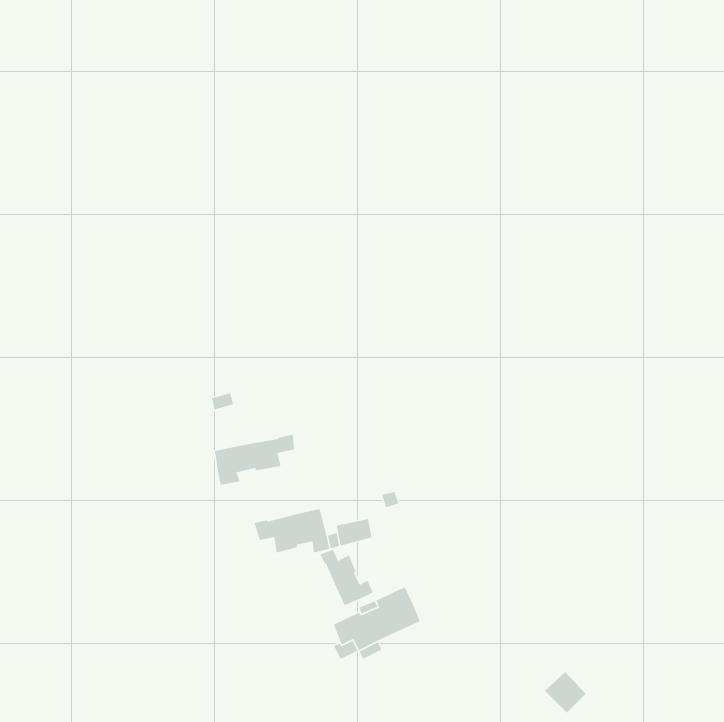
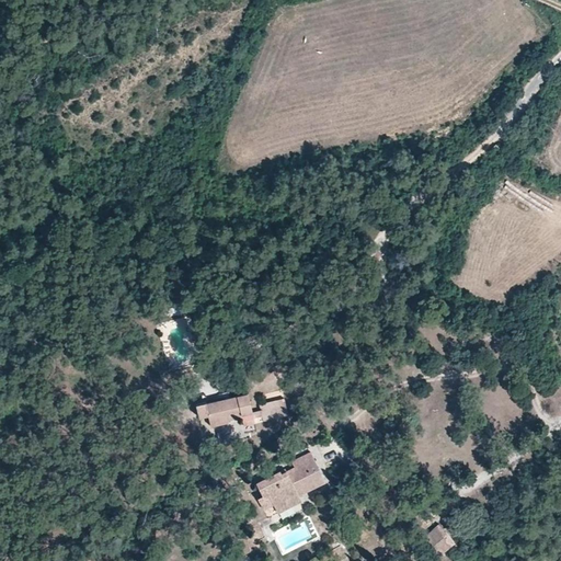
building: [214,434,295,486] -> none
building: [319,549,374,606] -> none

